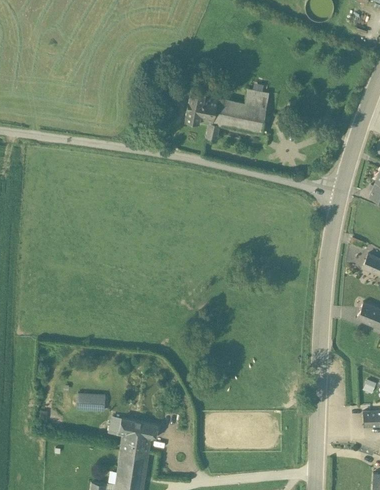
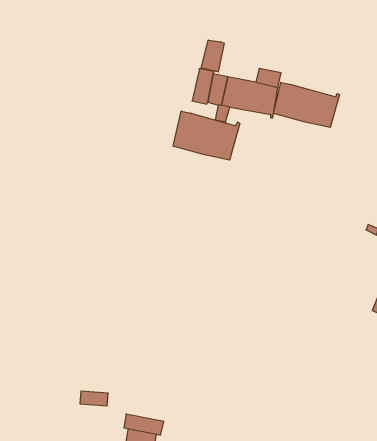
building: none -> [201,40,224,72]
building: none -> [273,82,339,127]
building: none -> [173,111,240,160]

